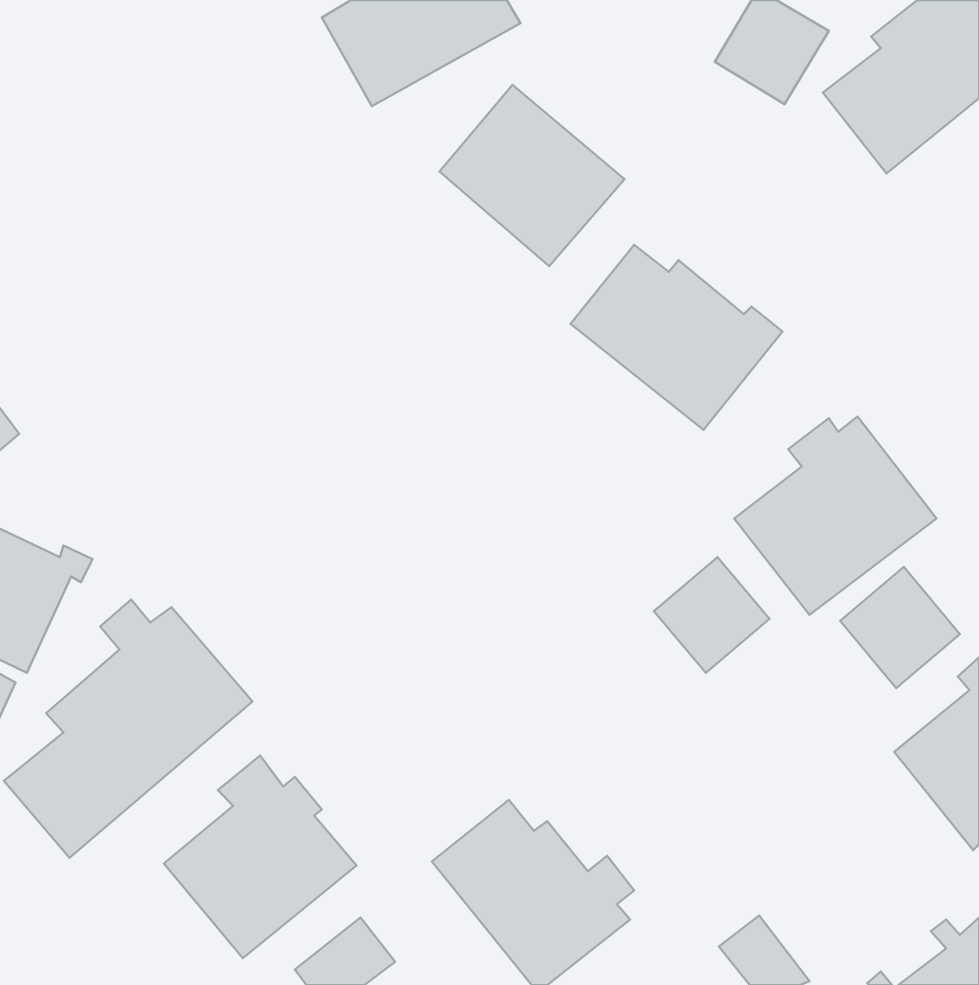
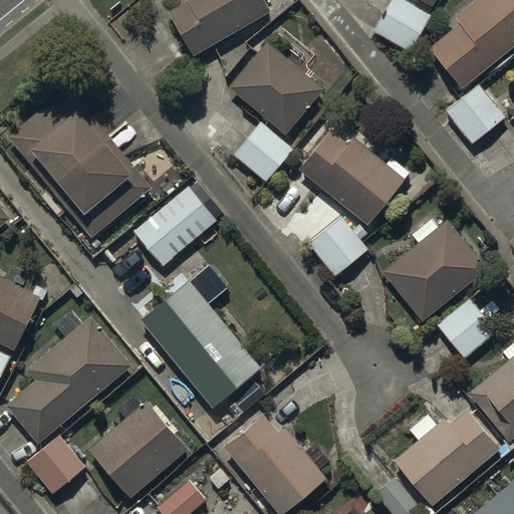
building: none -> [442,84,505,148]
building: none -> [5,87,151,239]
building: none -> [230,120,293,184]
building: none -> [132,182,219,265]
building: none -> [142,279,265,411]
building: [654,557,769,673] -> [308,217,368,277]
building: none -> [391,408,500,507]
building: none -> [26,434,86,494]

